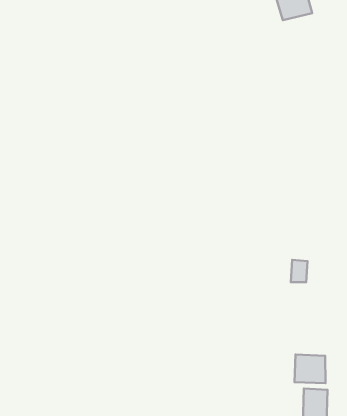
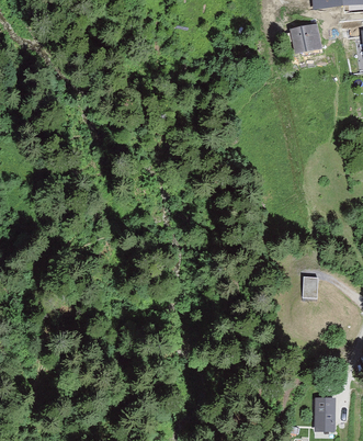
building: [294,355,325,383] -> none

